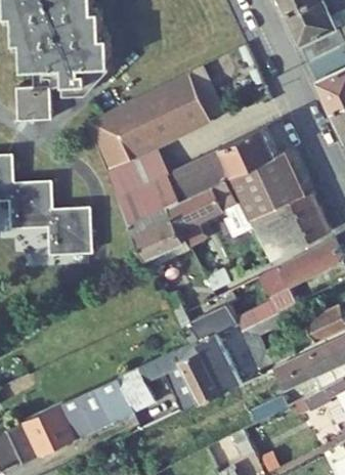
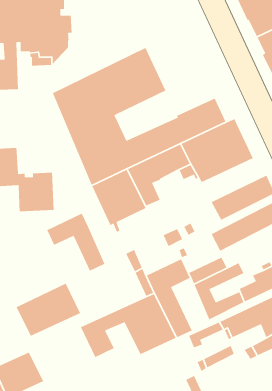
building: [250,192,321,242] -> none
building: none -> [46,213,106,272]
building: [62,378,134,437] -> [15,282,81,337]

